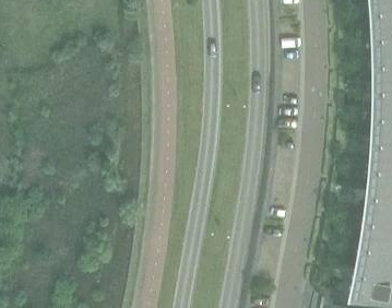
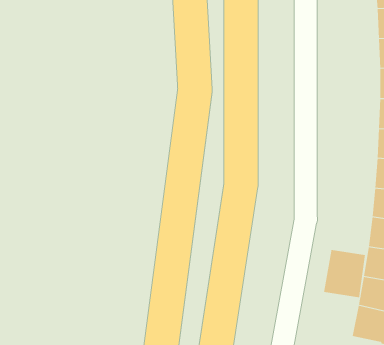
building: none -> [324,249,366,298]

